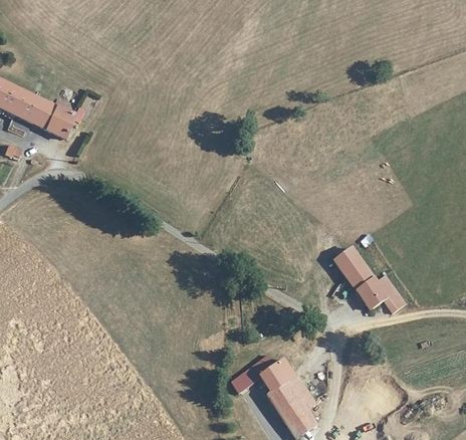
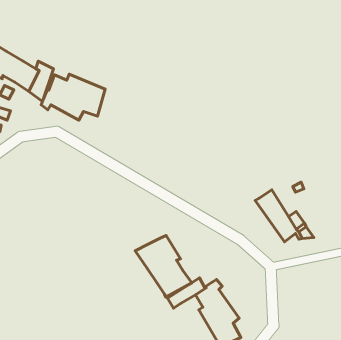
building: none -> [41,74,105,120]
building: none -> [135,235,192,297]

